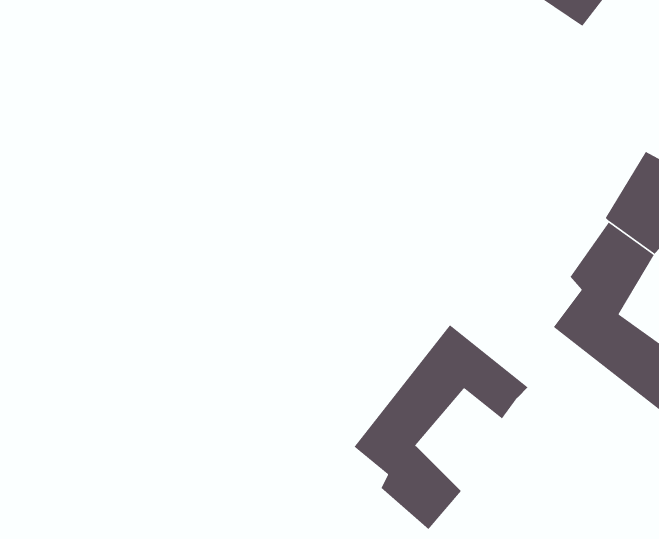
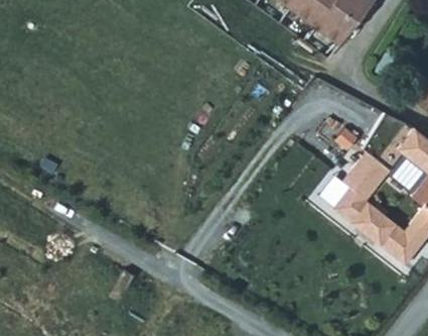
building: [353,324,528,530] -> none

